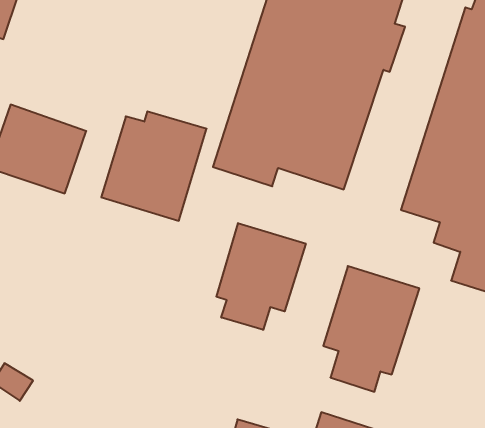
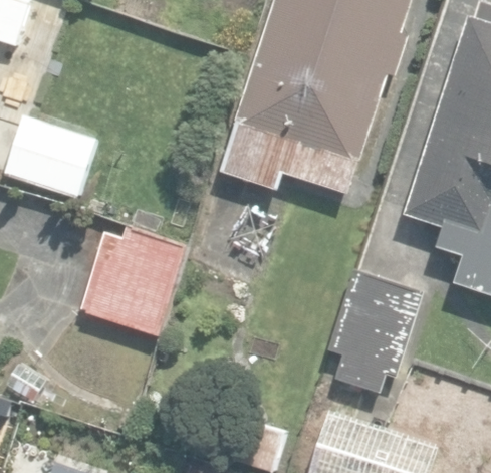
building: [101,111,207,221] -> [80,228,184,335]
building: [216,223,306,330] -> none

